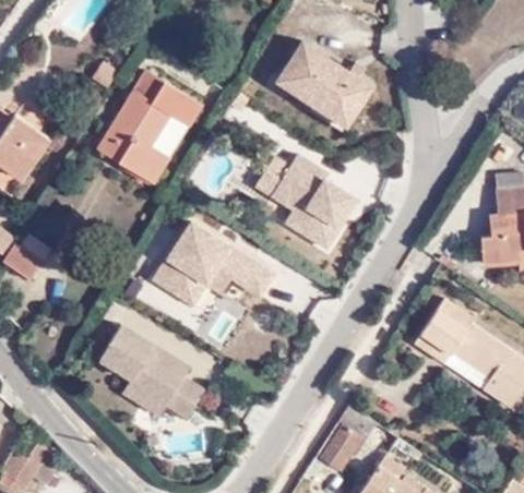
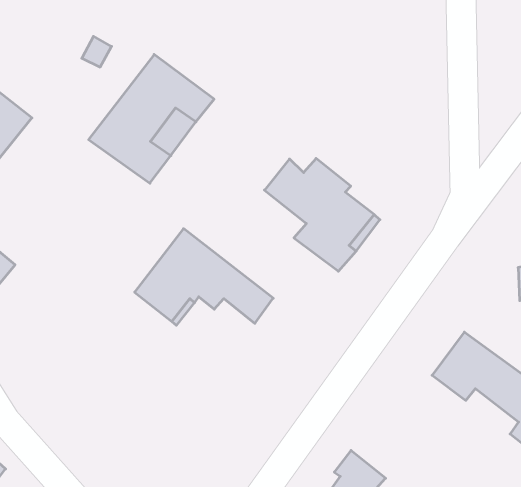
building: [282,45,376,124] -> none
building: [94,327,200,421] -> none

